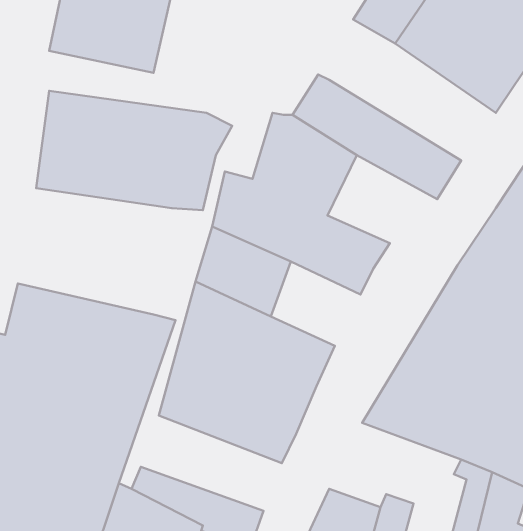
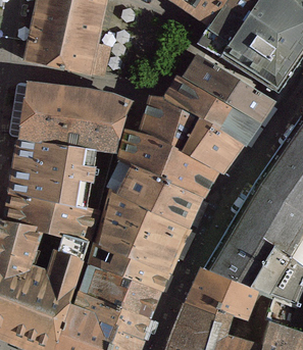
building: none -> [185,56,273,123]
building: none -> [184,120,245,171]
building: none -> [11,139,97,209]
building: none -> [152,180,202,227]
building: none -> [80,265,158,318]
building: none -> [185,269,258,319]

